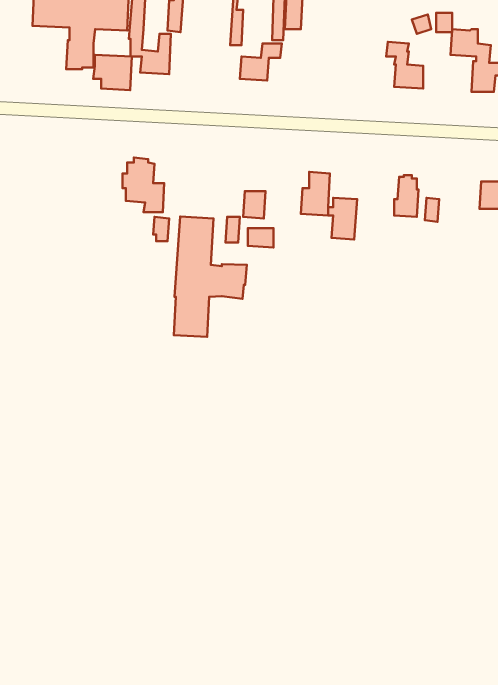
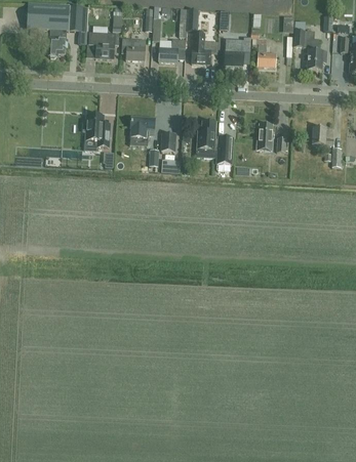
building: none -> [192,33,211,64]
building: none -> [225,38,251,66]
building: [93,55,132,90] -> [121,38,146,60]
building: none -> [130,117,155,137]
building: [174,217,247,337] -> none

